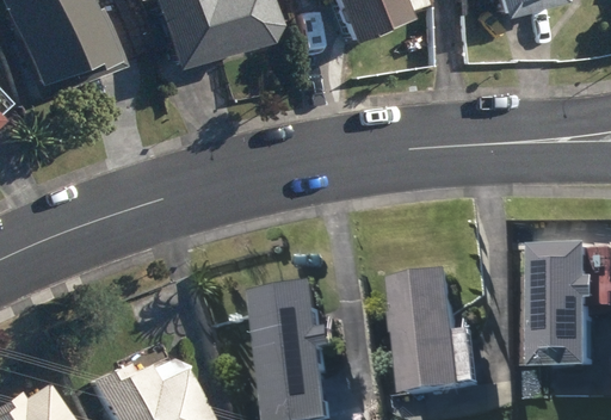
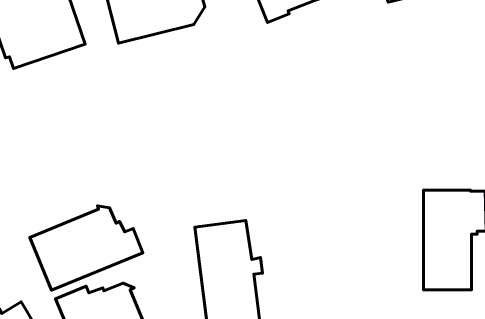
building: none -> [30,206,143,290]
building: [390,271,476,395] -> none

